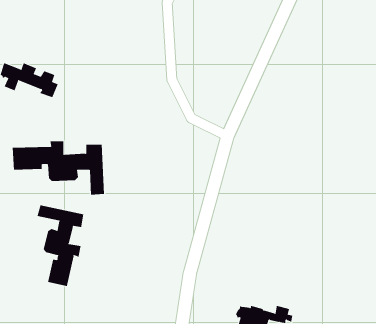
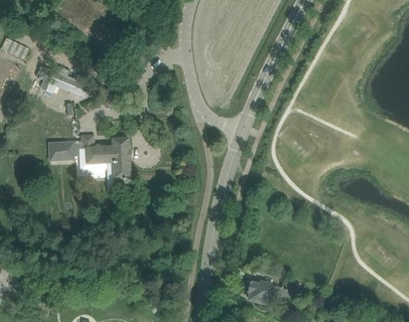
building: [37,205,84,287] -> none

